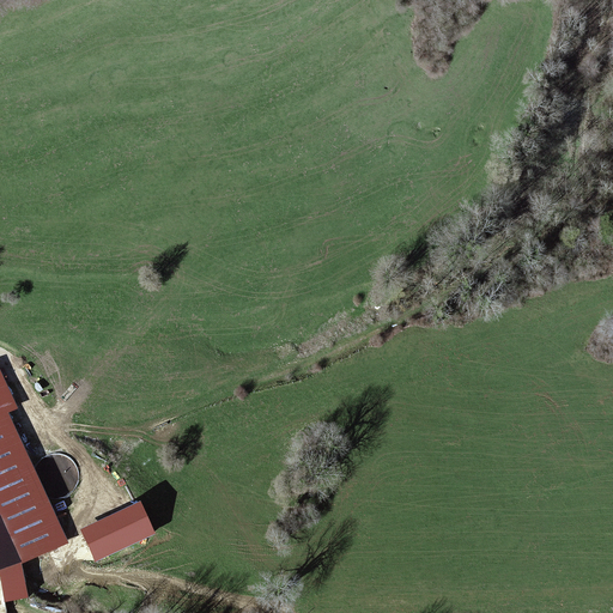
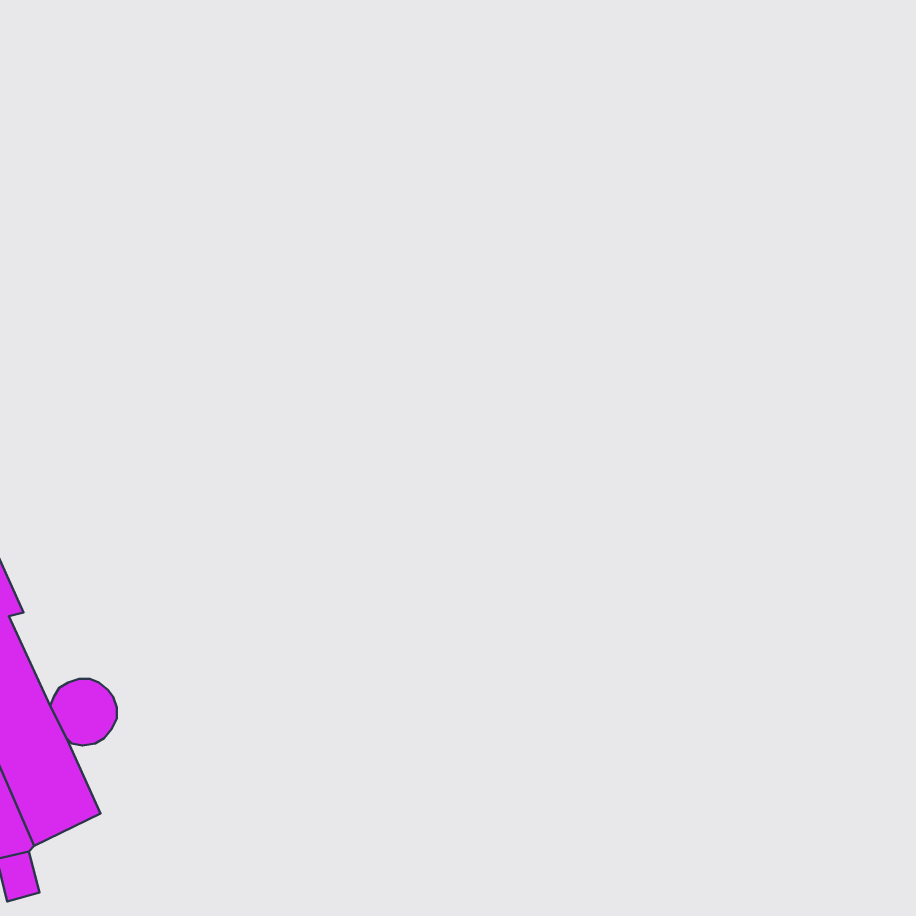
building: [79,502,153,560] -> none

